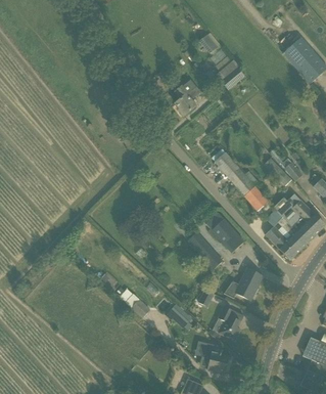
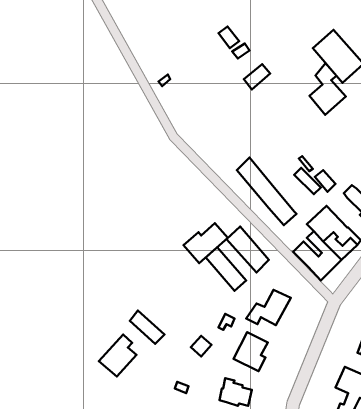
building: none -> [310,63,346,115]
building: [175,78,200,115] -> none
building: none -> [184,223,228,263]
building: none -> [99,335,137,377]

